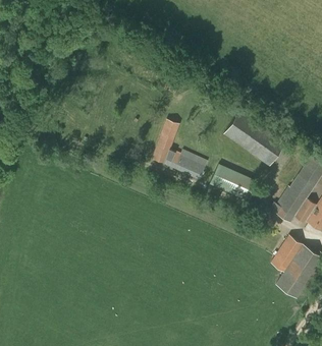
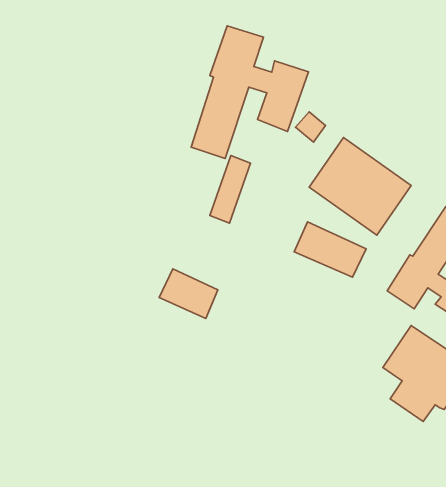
building: none -> [191,26,309,158]
building: [167,147,207,180] -> [159,269,218,318]

